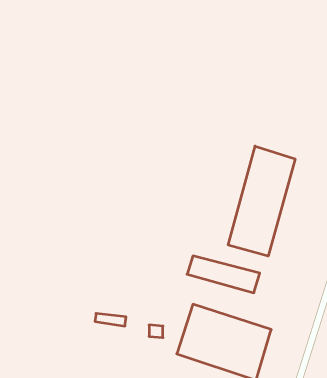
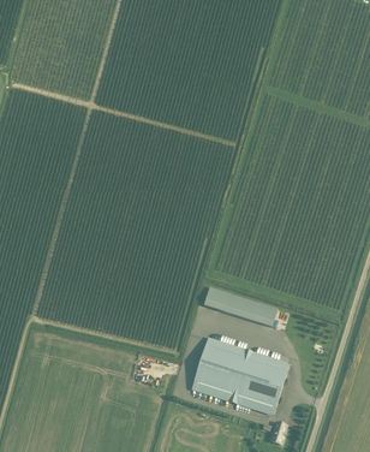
building: [228,146,295,256] -> none

